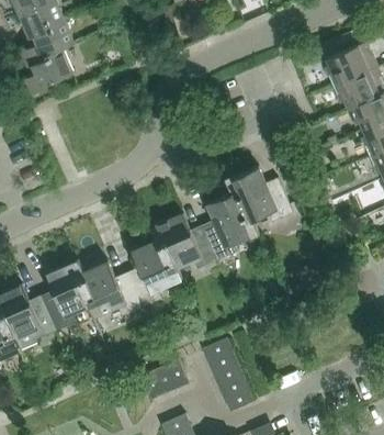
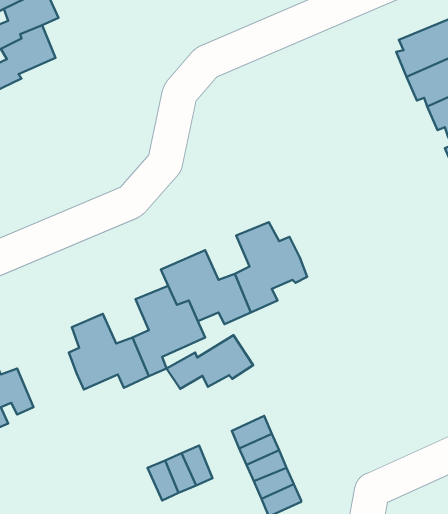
building: [224,166,293,220] -> none
building: [44,259,90,331] -> none
building: none -> [167,335,253,389]

